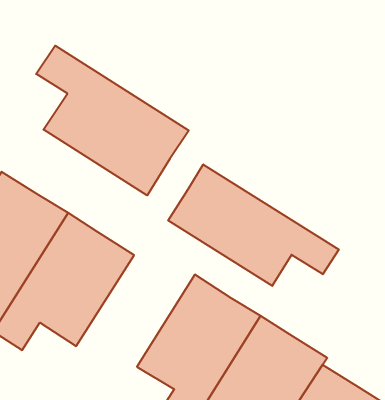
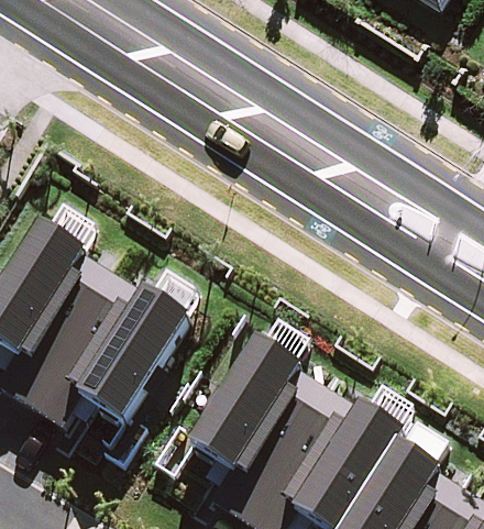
building: [36,46,189,195] -> none
building: [168,164,339,286] -> none

